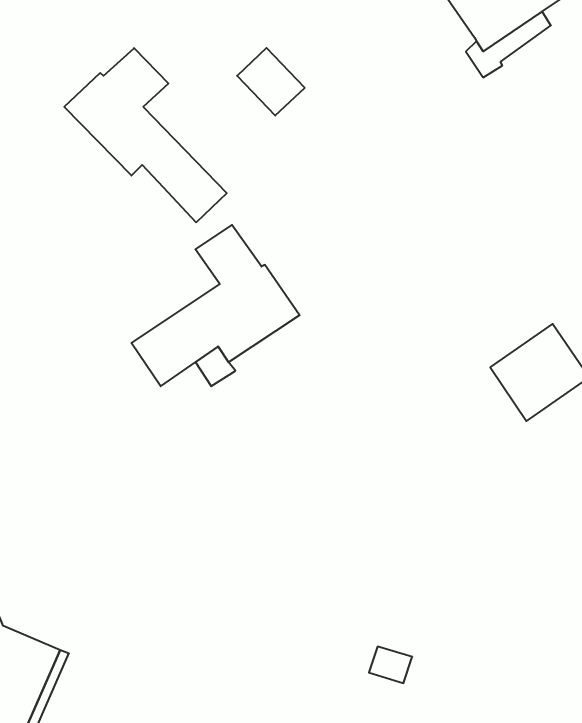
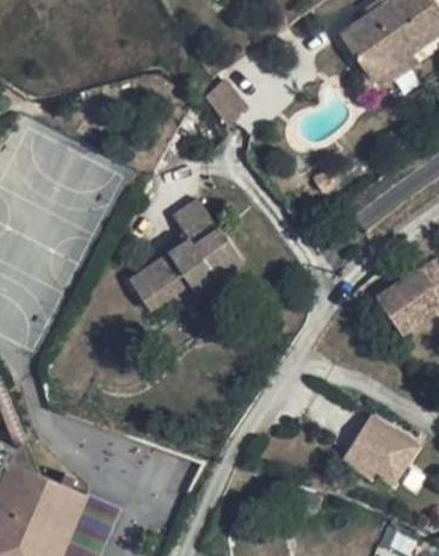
building: [64,48,227,222] -> none
building: none -> [347,415,418,481]

